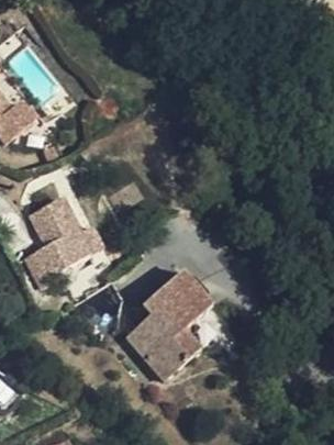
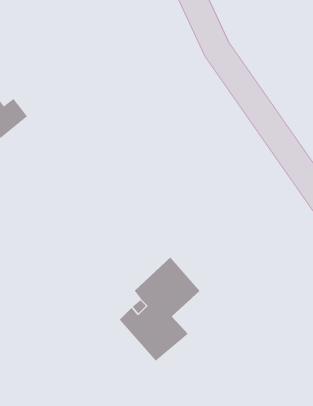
building: [32,197,99,282] -> none

